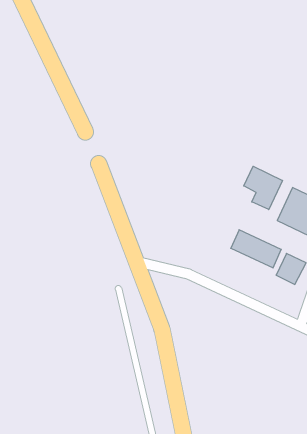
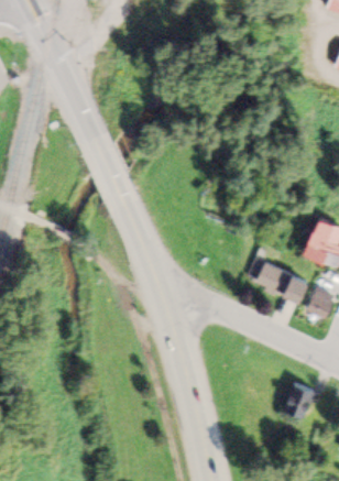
building: [244,166,282,210] -> none
building: none -> [283,382,317,418]

